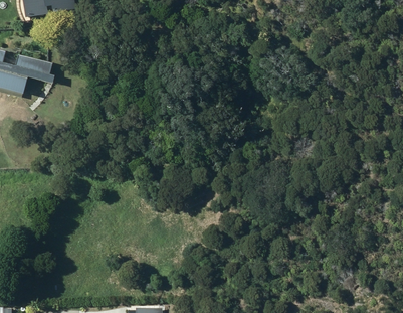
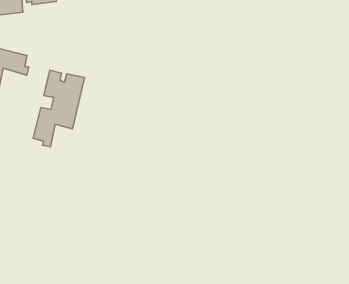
building: none -> [33,70,85,147]

